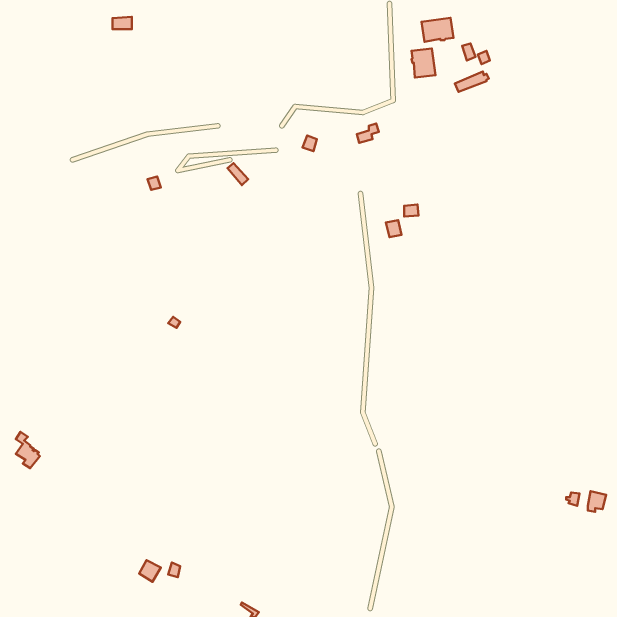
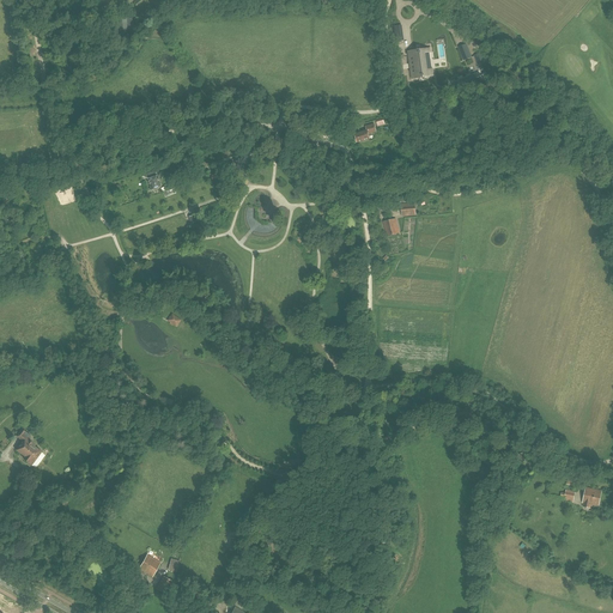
building: [421,18,454,42] -> none

